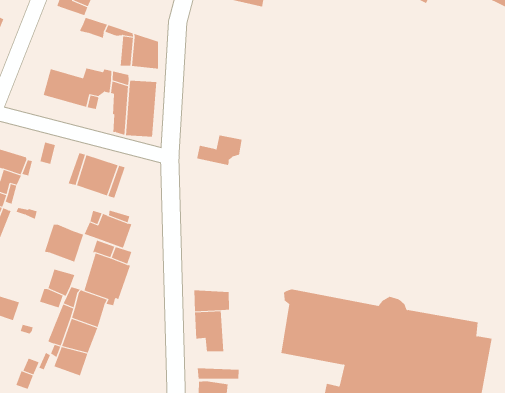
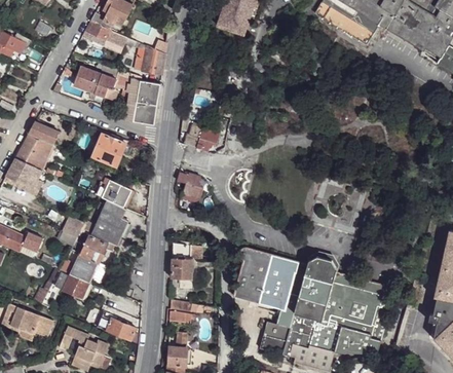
building: none -> [82,21,112,45]
building: none -> [178,174,204,199]
building: [44,224,84,263] -> none

